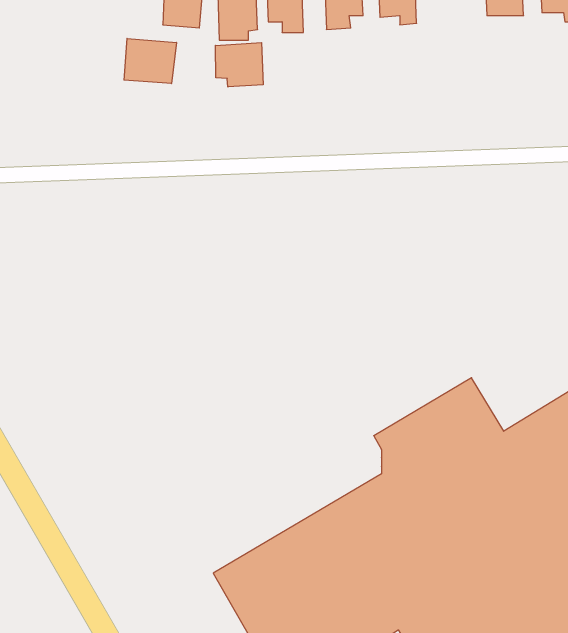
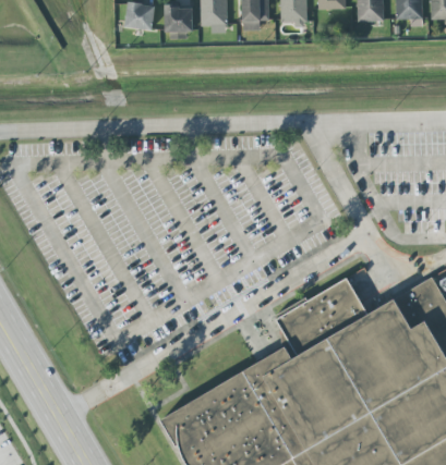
building: [124,38,176,84] -> none
building: [215,43,263,87] -> none

